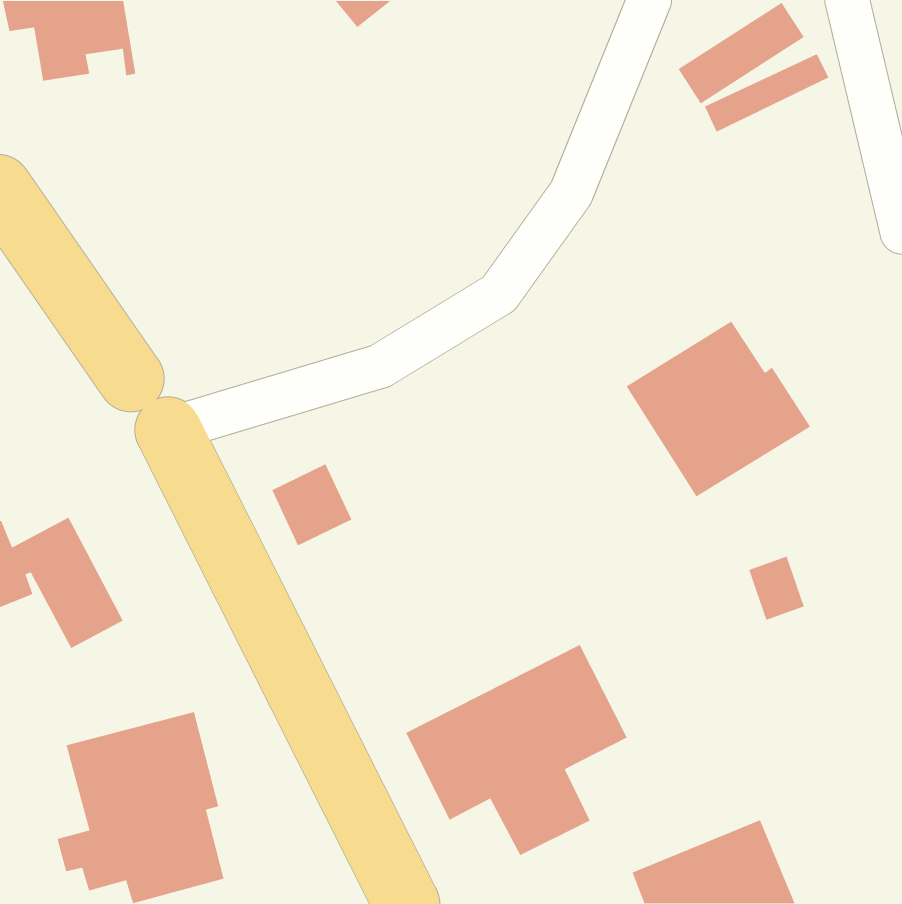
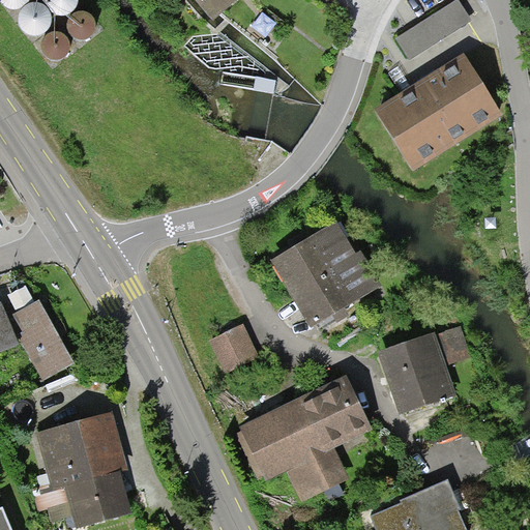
building: none -> [378,60,500,171]
building: [625,321,811,498] -> [270,216,379,320]
building: [271,463,352,546] -> [212,322,260,371]
building: none -> [382,332,451,413]

